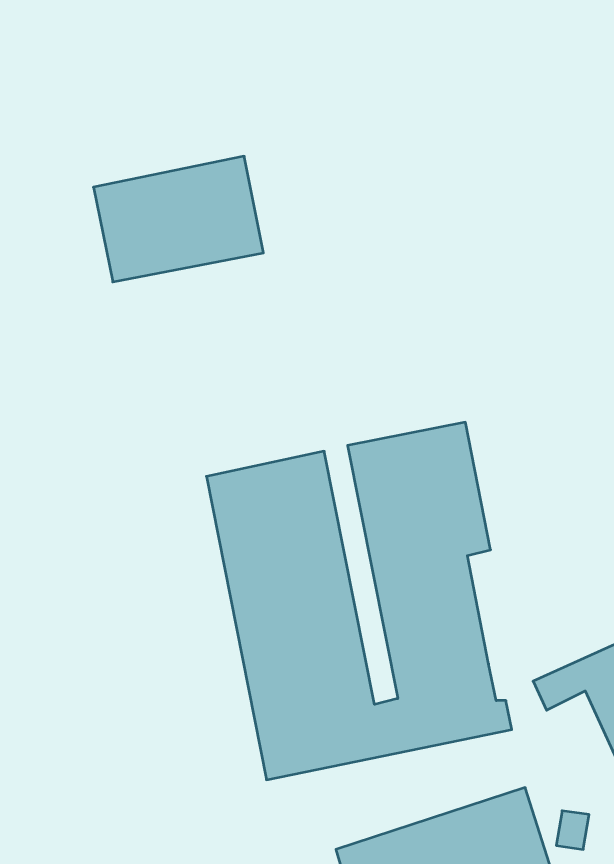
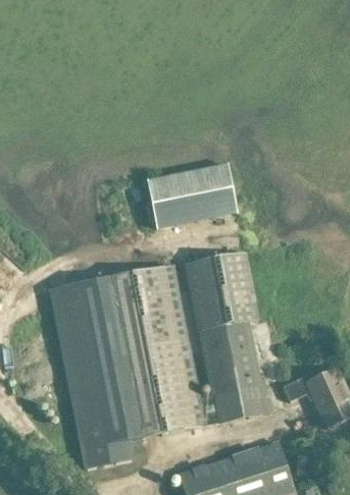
building: [93,156,263,282] -> [146,163,236,229]
building: none -> [51,278,142,469]

